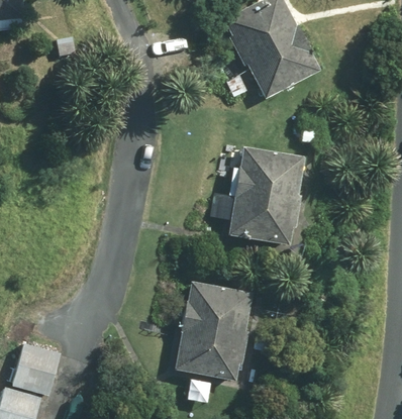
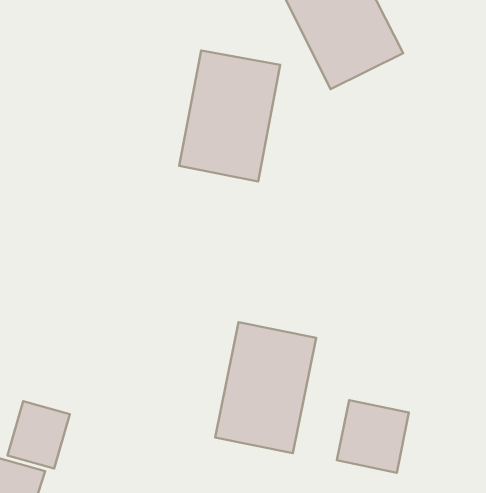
building: [227,144,306,246] -> [179,51,280,181]
building: none -> [337,400,409,473]

